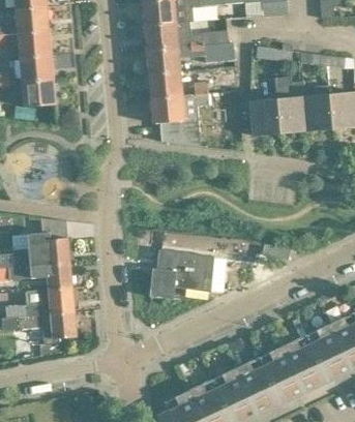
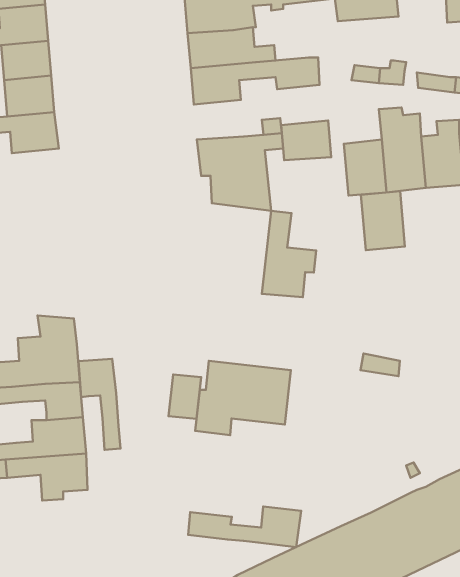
building: [148,71,182,98] -> [281,121,331,160]
building: none -> [361,191,405,250]
building: none -> [262,211,316,297]
building: none -> [78,359,121,450]
building: none -> [168,374,201,419]
building: none -> [188,506,301,547]

